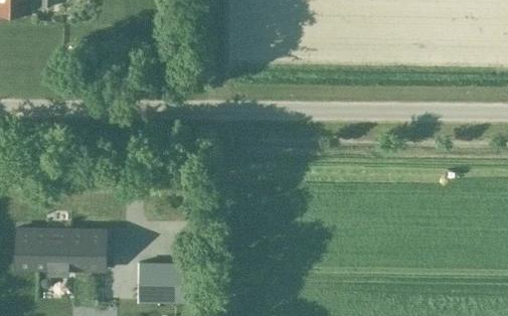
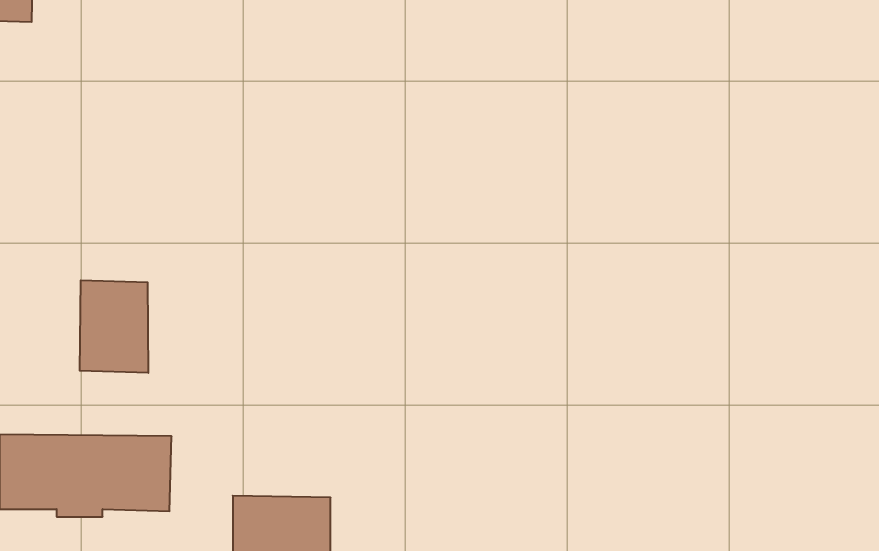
building: none -> [80,280,148,373]

